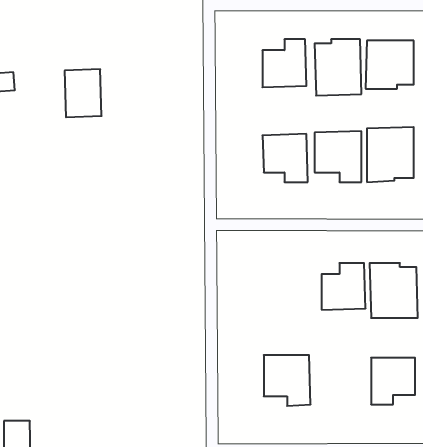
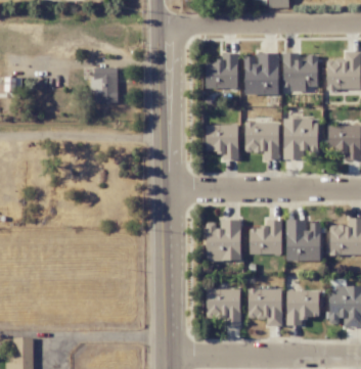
building: [65,69,102,117] -> [91,67,119,103]
building: none -> [206,220,241,260]
building: none -> [249,289,282,326]

